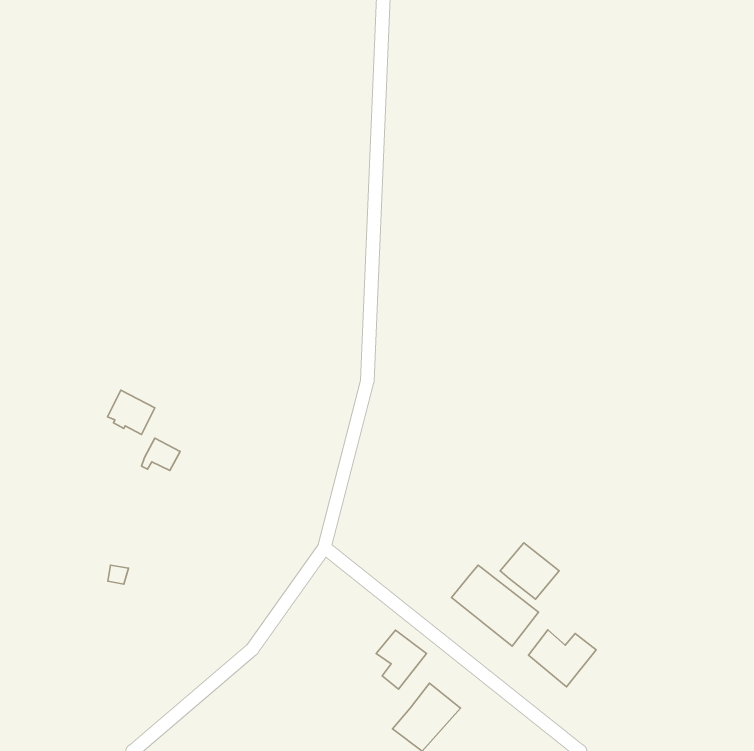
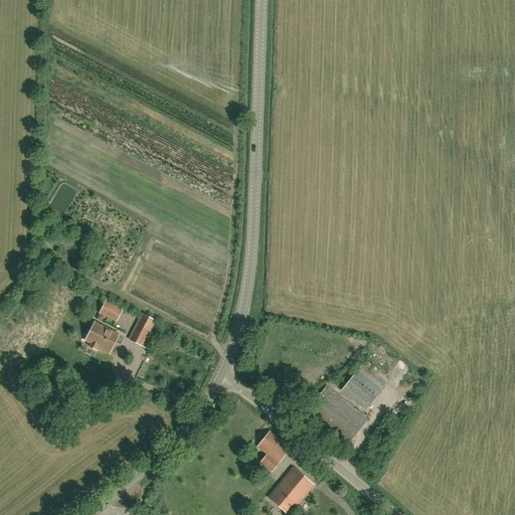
building: [108,390,155,435] -> [85,321,118,351]
building: none -> [129,313,155,345]
building: [528,630,596,687] -> none

